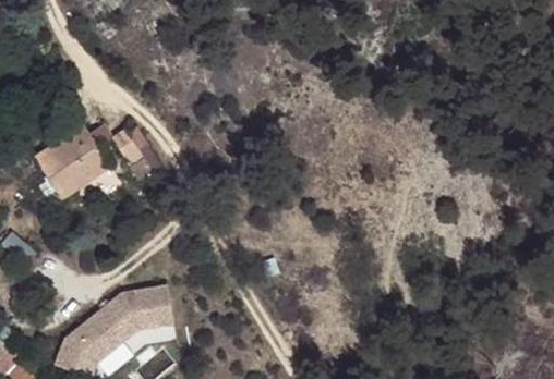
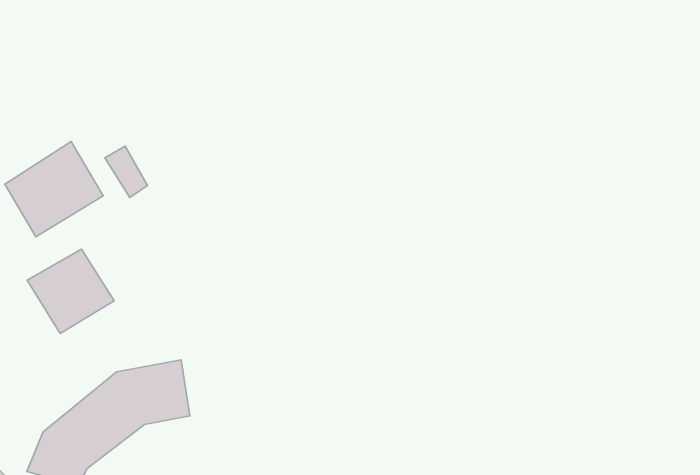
building: none -> [27,249,114,334]

